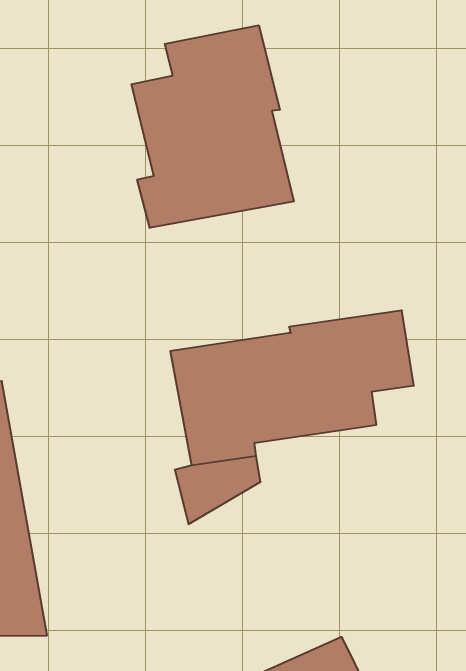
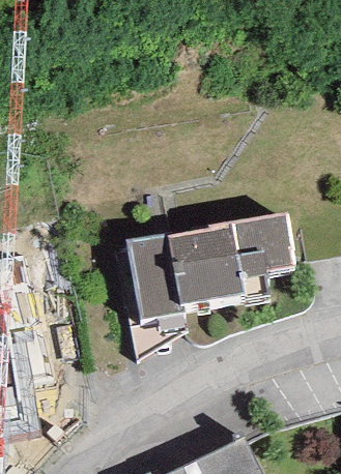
building: [132,25,294,228] -> none

